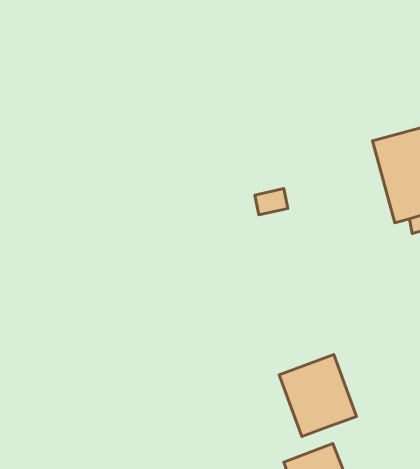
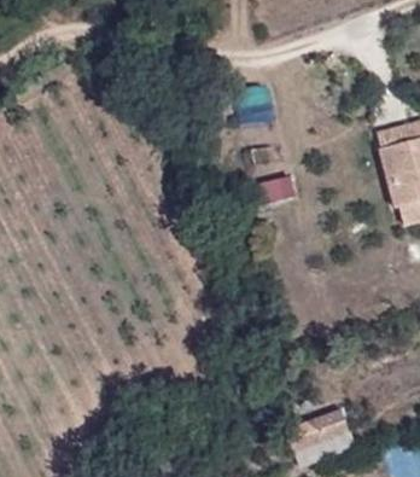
building: [279,354,357,437] -> none

